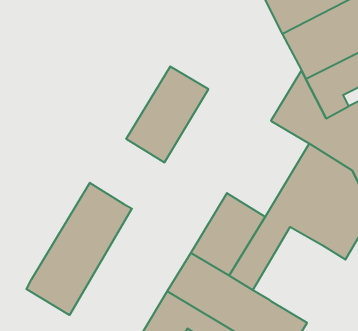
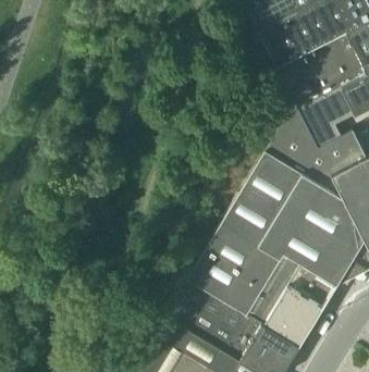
building: [126,67,208,162] -> [223,153,303,246]
building: [26,183,132,315] -> none
building: none -> [248,256,334,348]

